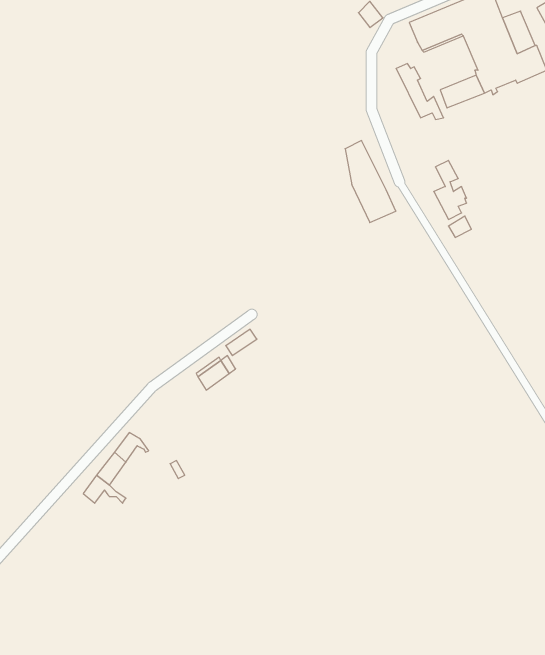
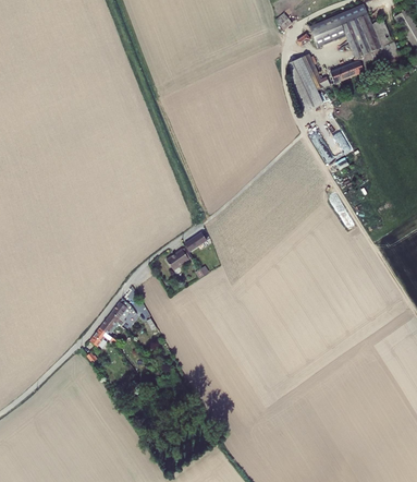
building: [345,141,396,223] -> [289,57,322,111]

